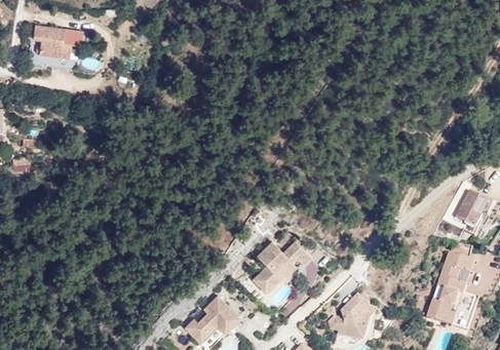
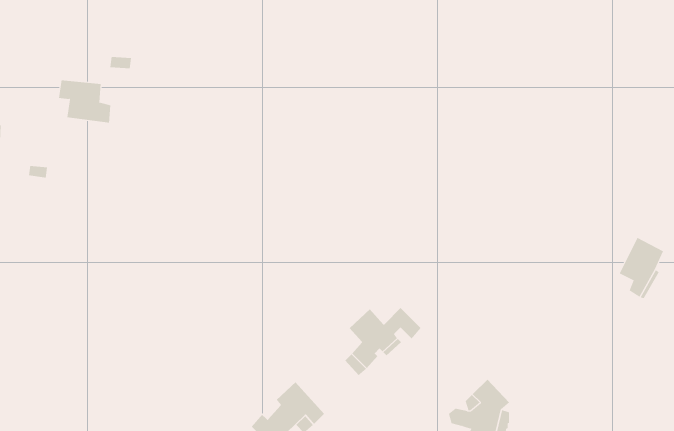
building: [32,25,71,56] -> [58,80,111,123]
building: [426,251,472,325] -> none

